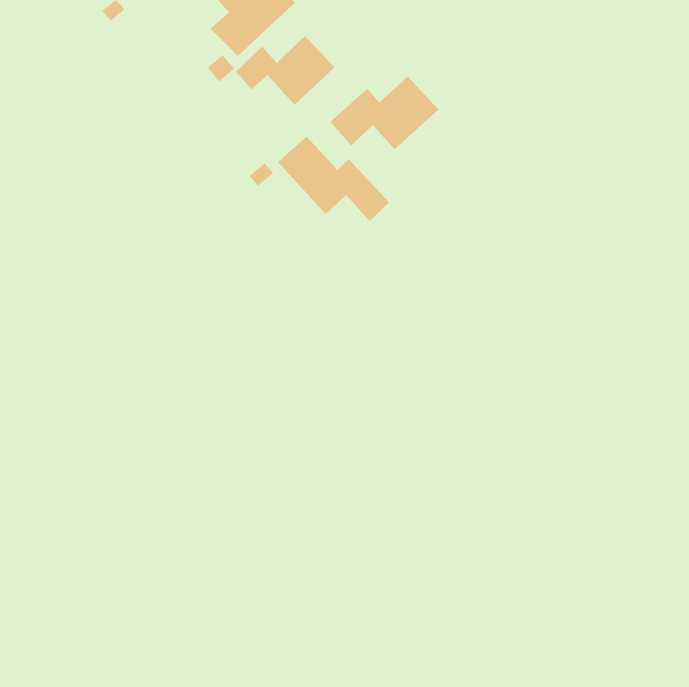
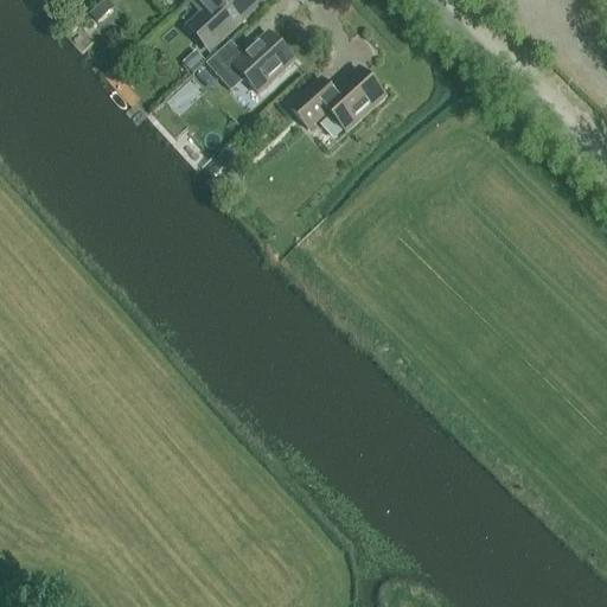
building: [277,136,390,222] -> none

